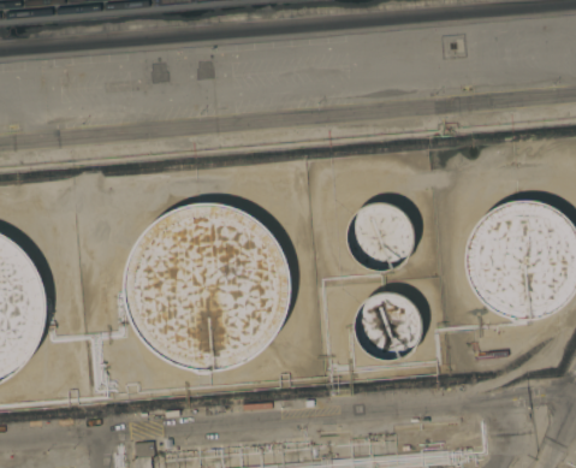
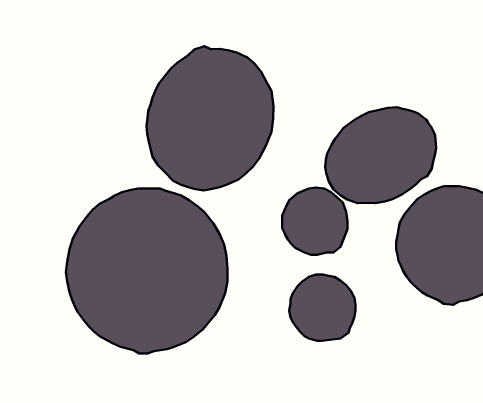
building: none -> [147,46,274,191]
building: none -> [325,107,436,203]

